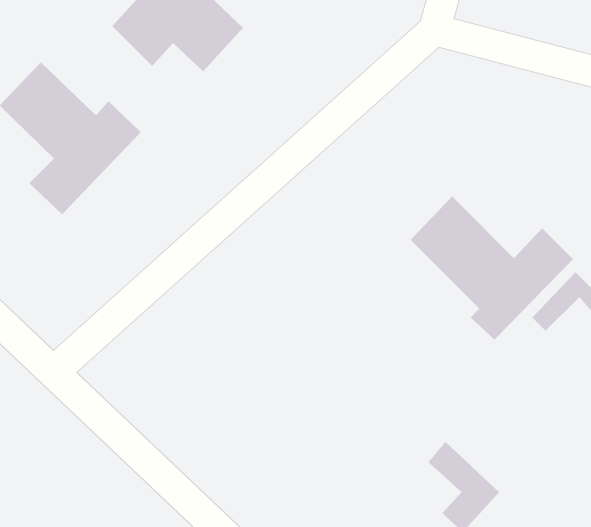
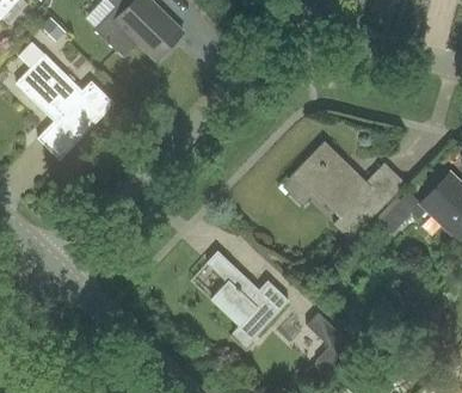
building: none -> [208,254,287,346]

